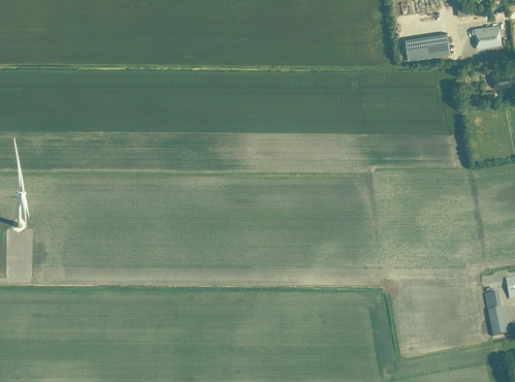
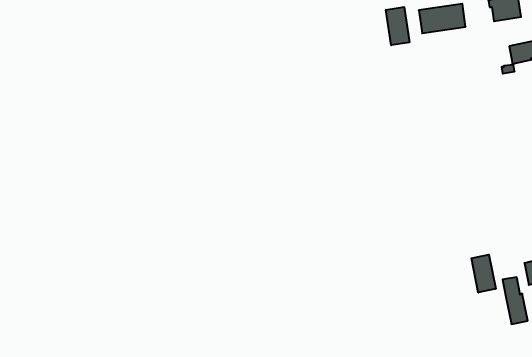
building: none -> [386,7,409,45]
building: none -> [471,255,496,293]

